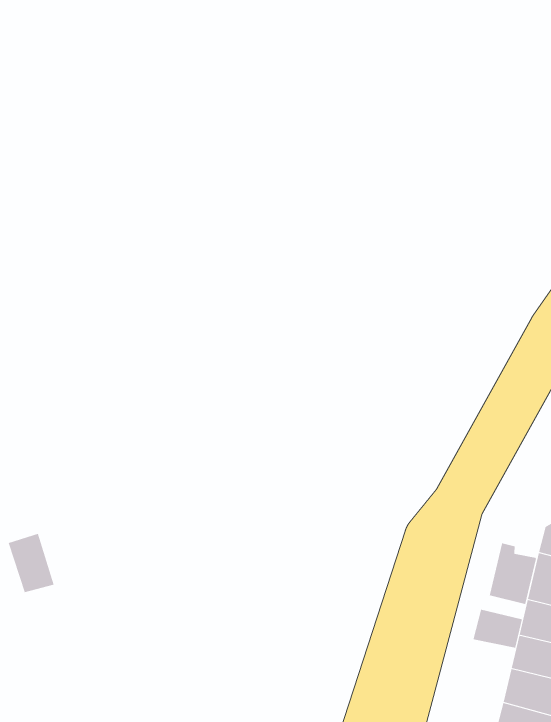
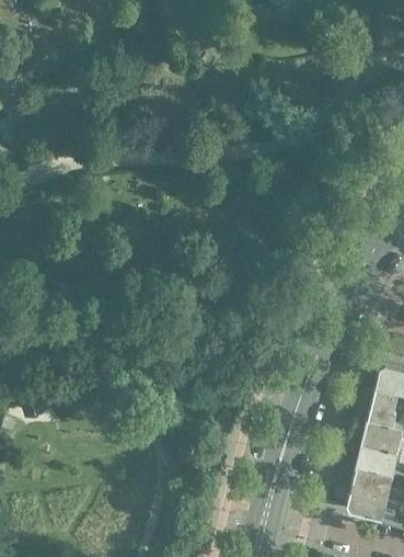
building: [489,543,537,605] -> none
building: [473,609,523,648] -> none

